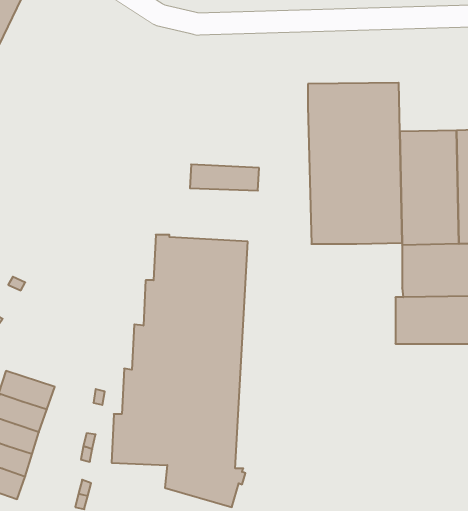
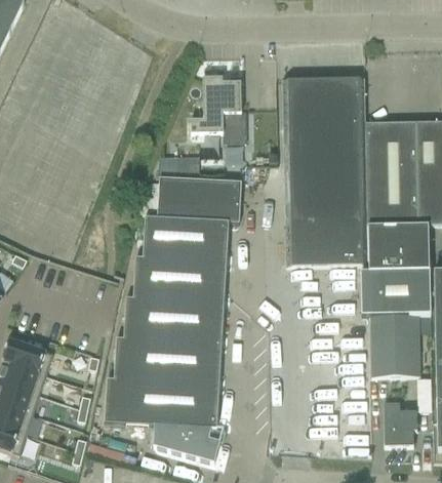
building: none -> [191,76,246,140]
building: none -> [157,176,241,222]
building: none -> [285,223,367,266]
building: none -> [369,315,419,377]
building: none -> [383,403,416,445]

